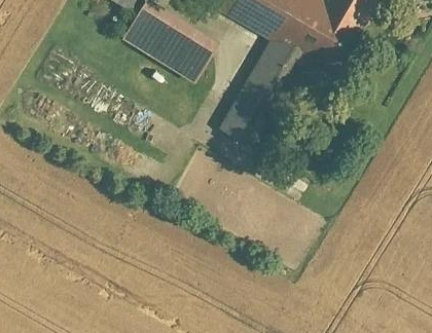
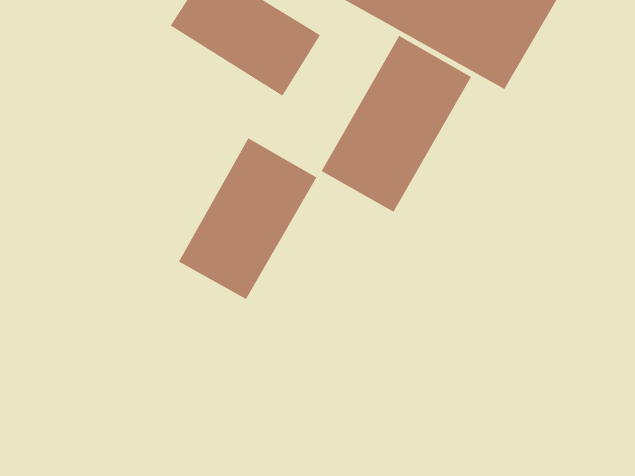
building: none -> [178,138,317,300]

